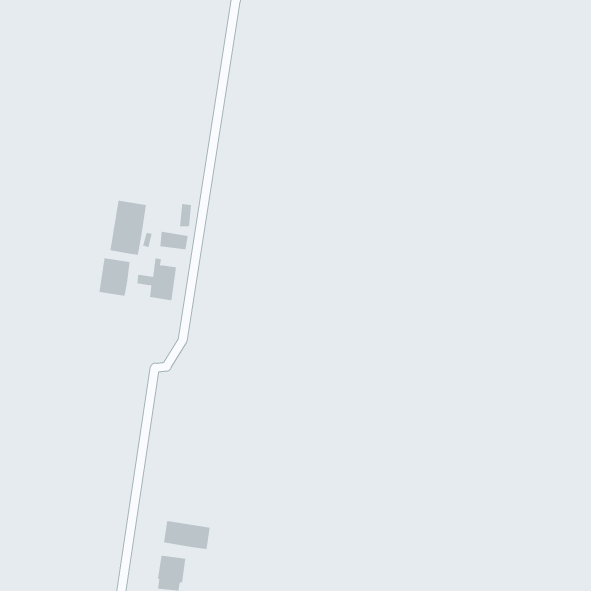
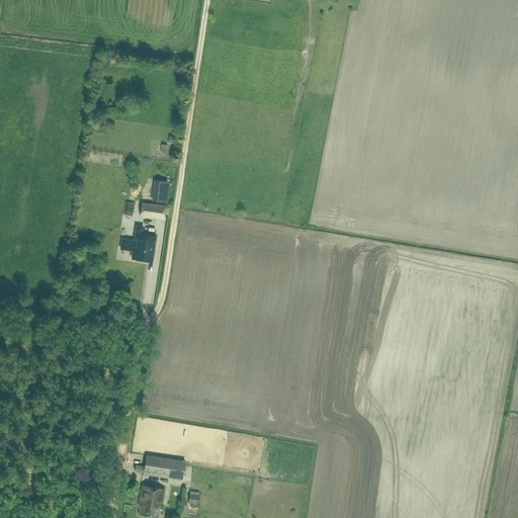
building: [110,200,147,255] -> none
building: [99,258,130,296] -> none

